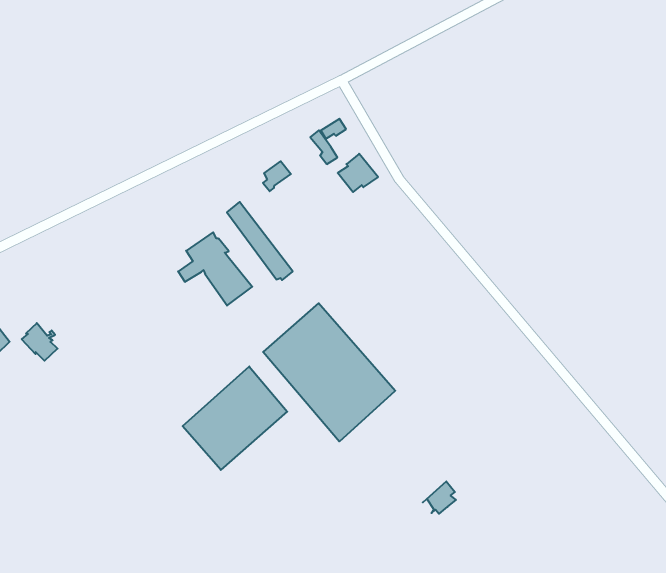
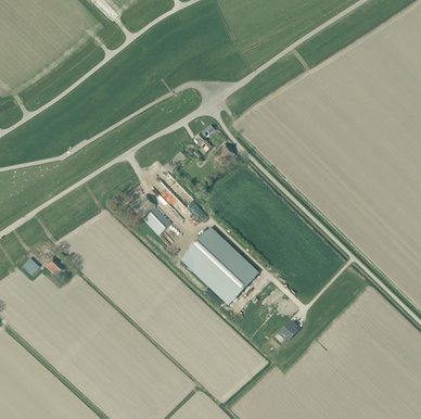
building: [183,366,287,470] -> none

